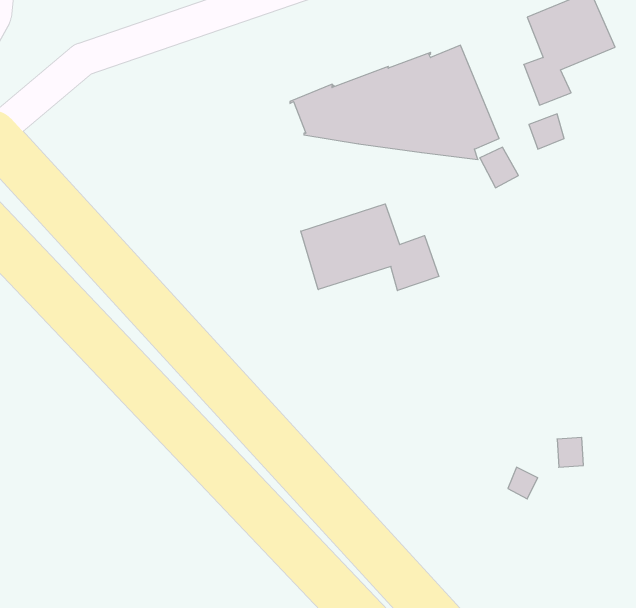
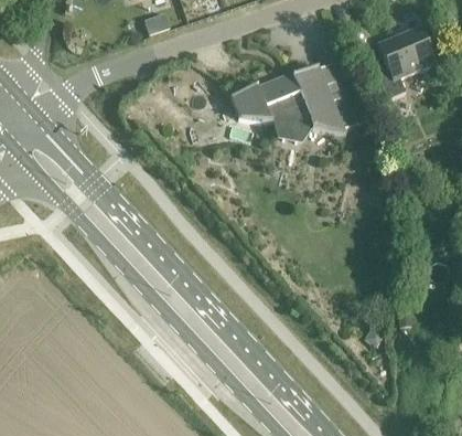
building: [301,204,439,291] -> none

